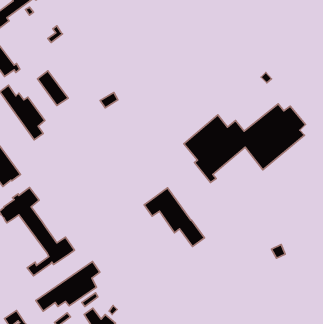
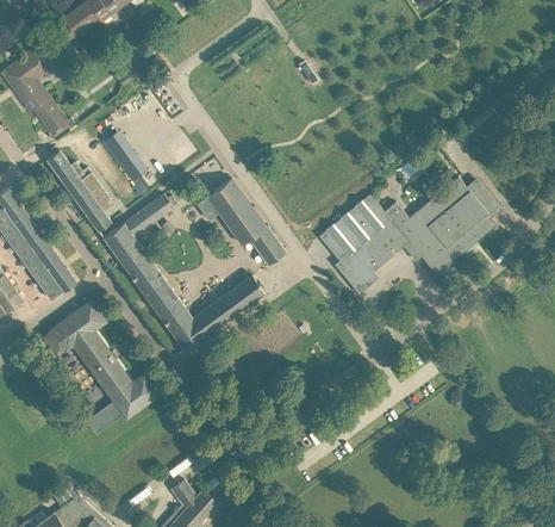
building: none -> [102,196,261,351]
building: [144,188,204,247] -> [195,179,285,266]
building: [36,262,100,311] -> none

